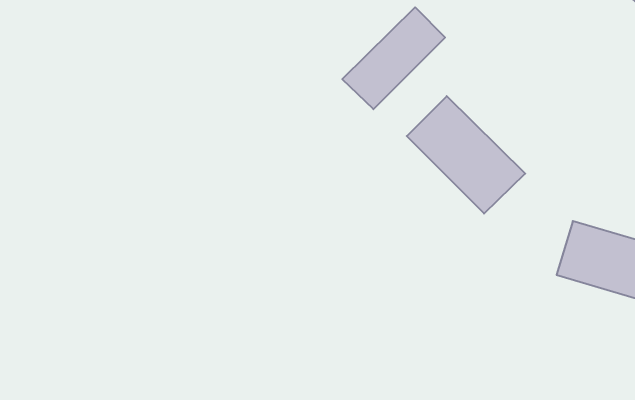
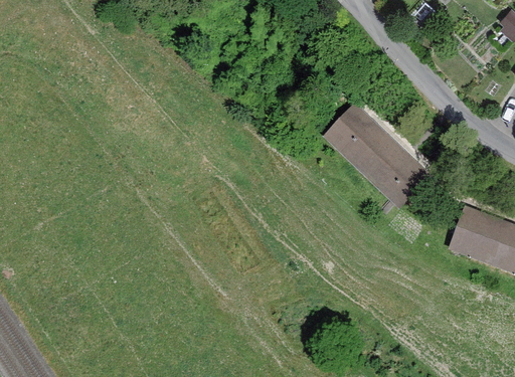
building: [342,7,445,109] -> none

